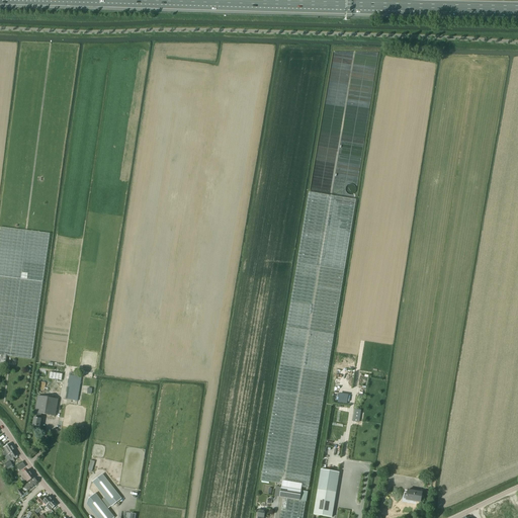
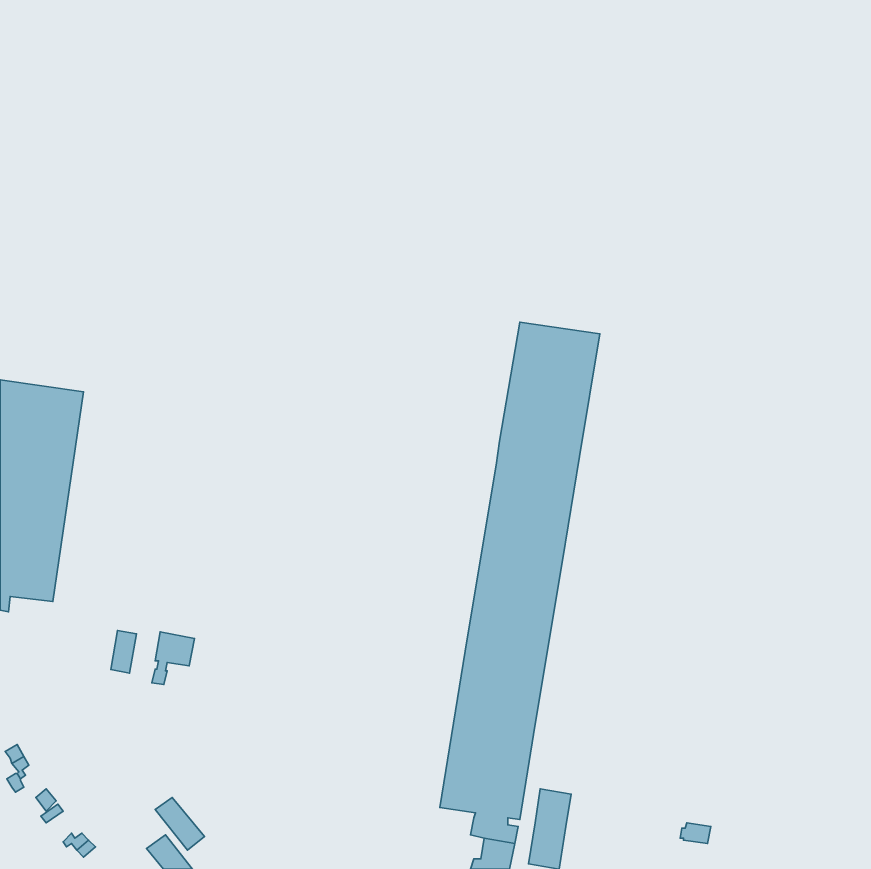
building: [32,395,58,426] -> [152,632,194,685]

